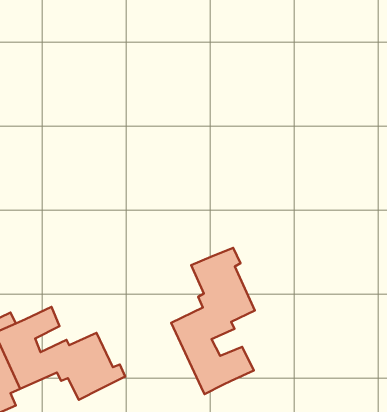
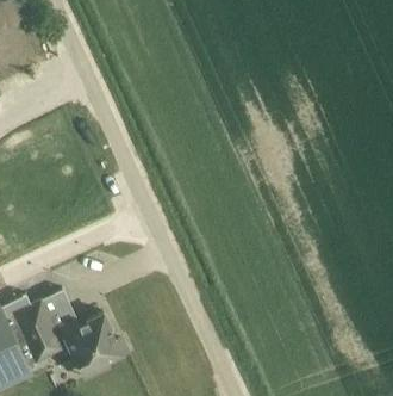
building: [171,248,255,394] -> none

